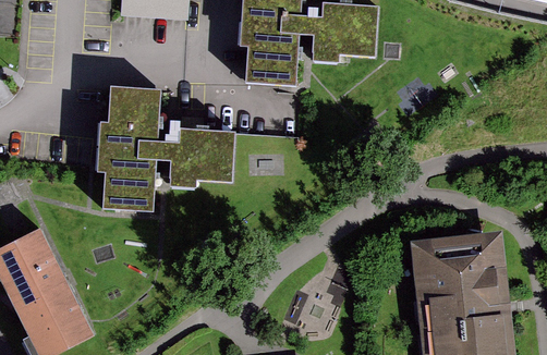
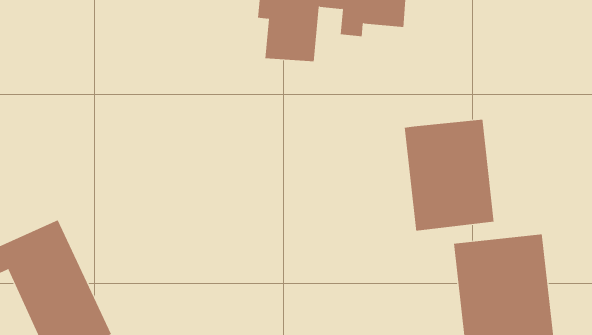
building: [94,88,231,210] -> none
building: none -> [404,119,494,231]

